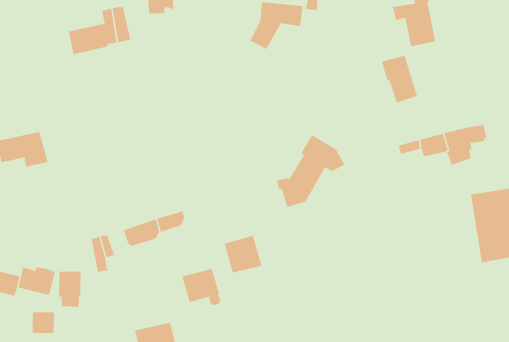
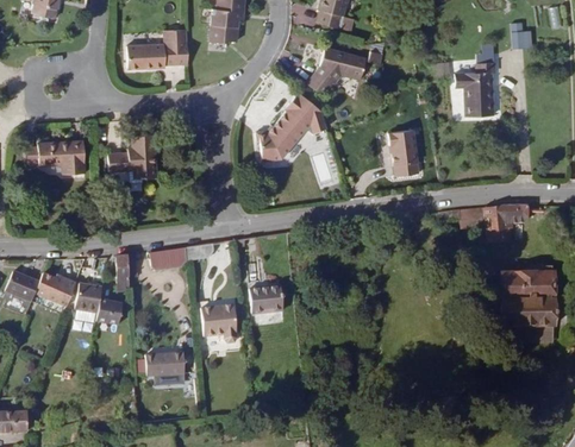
building: [381,55,418,103] -> [388,130,419,176]
building: none -> [107,134,157,182]
building: [276,134,345,208] -> [256,92,327,160]
building: [32,312,55,333] -> [96,300,123,325]

